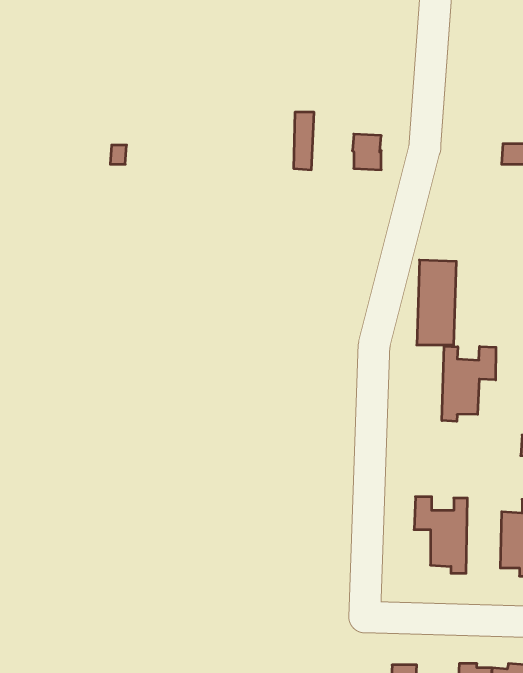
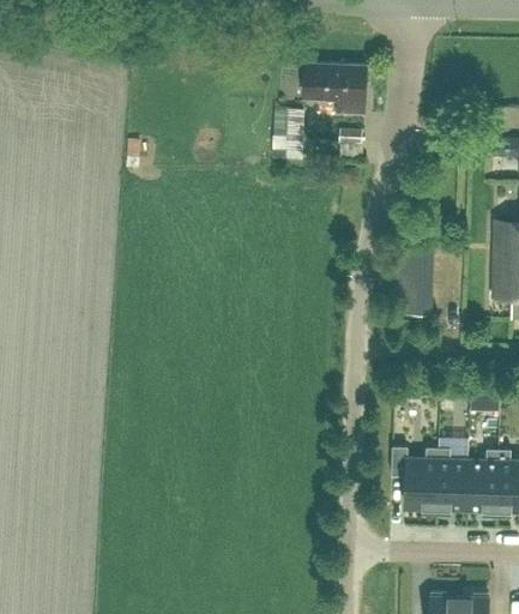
building: none -> [302,62,366,114]
building: [442,346,496,421] -> none
building: none -> [436,449,467,516]

